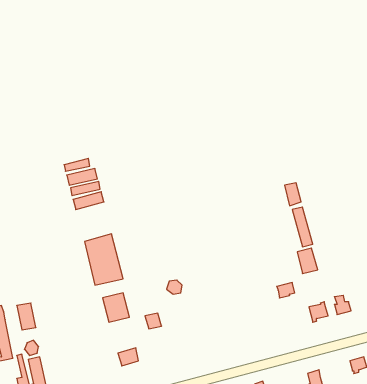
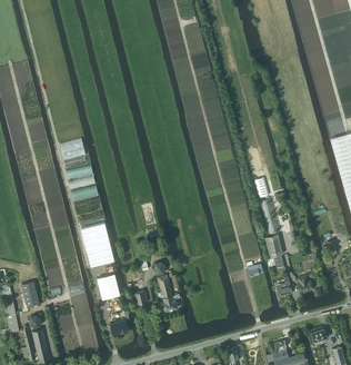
building: none -> [157,274,180,312]

